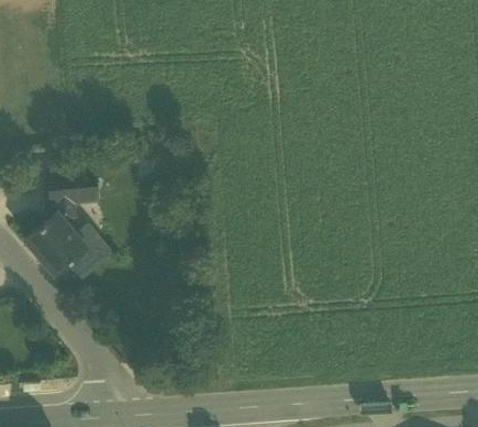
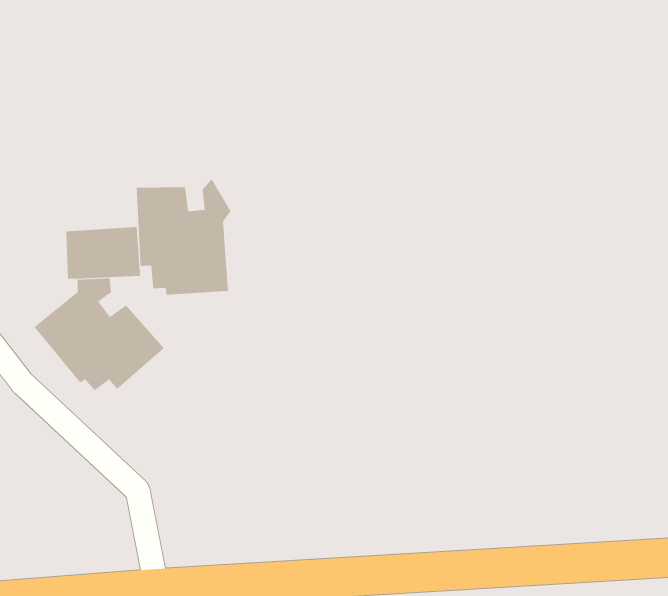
building: none -> [136,178,231,296]

